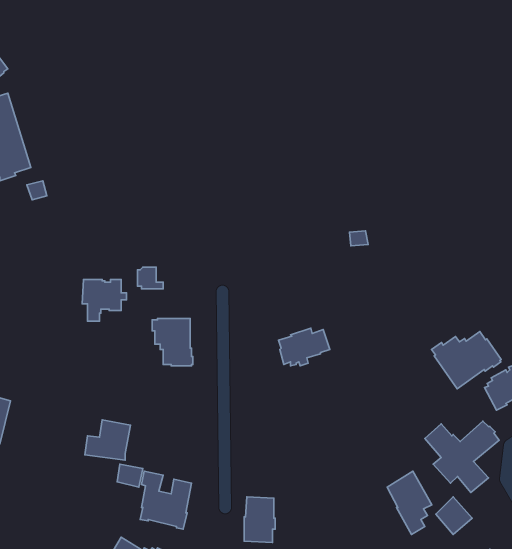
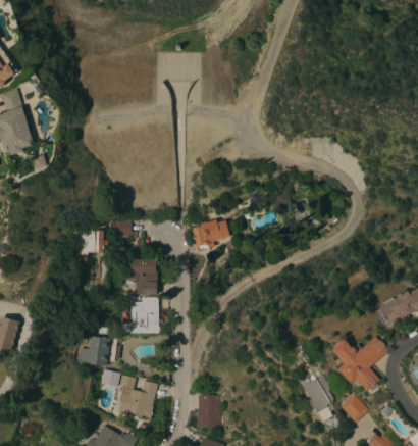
building: [278,328,330,366] -> [191,219,229,248]
building: [432,331,501,389] -> none
building: none -> [119,297,161,334]

